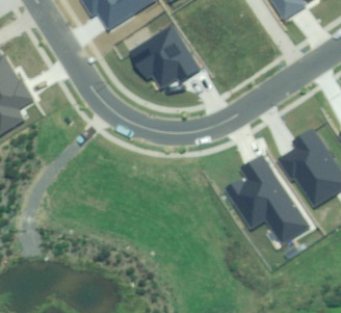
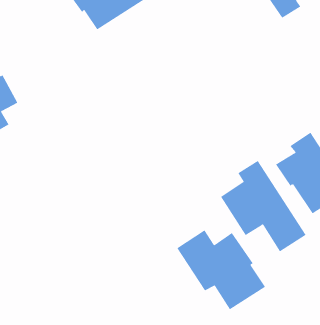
building: [132,25,200,85] -> none
building: none -> [177,229,266,310]

